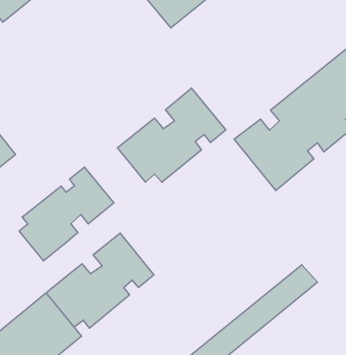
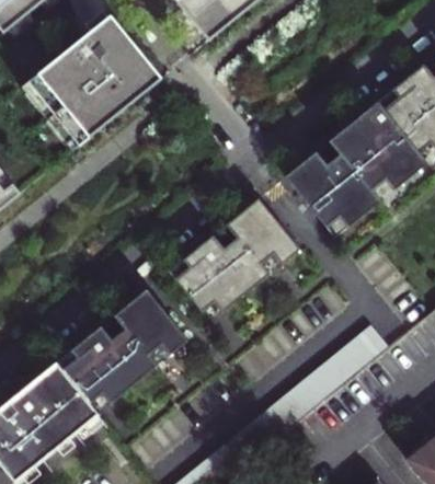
building: none -> [30,14,163,146]
building: [117,88,226,182] -> [169,198,300,312]
building: [19,167,114,261] -> none

